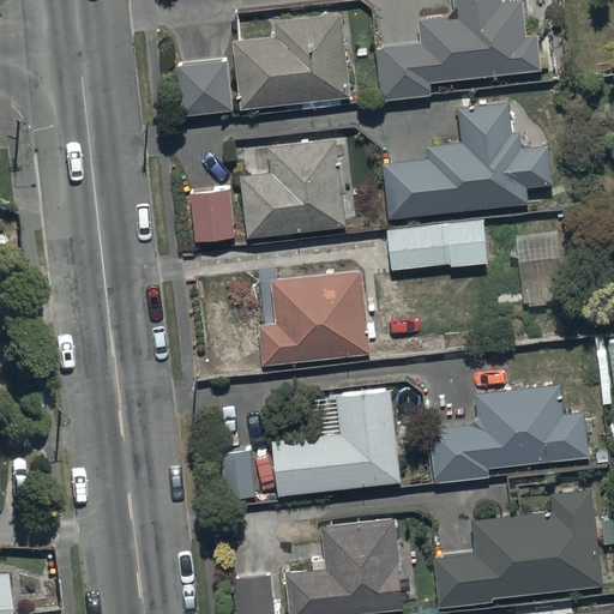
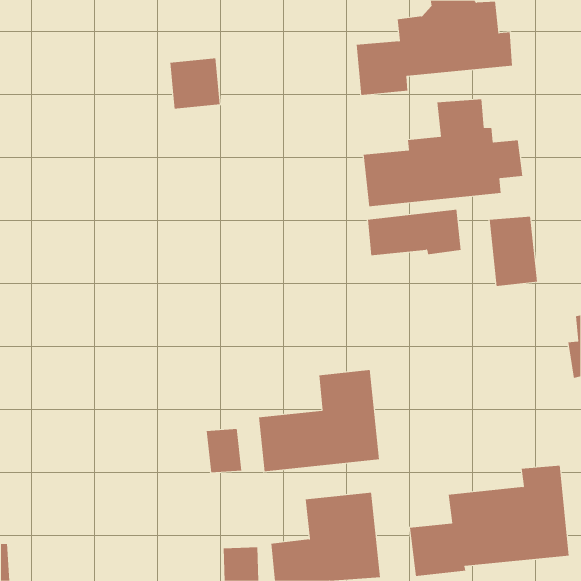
building: [233,13,350,110] -> none
building: [240,139,347,240] -> none
building: [188,191,234,241] -> none
building: [257,271,372,367] -> none
building: [429,384,591,484] -> none

